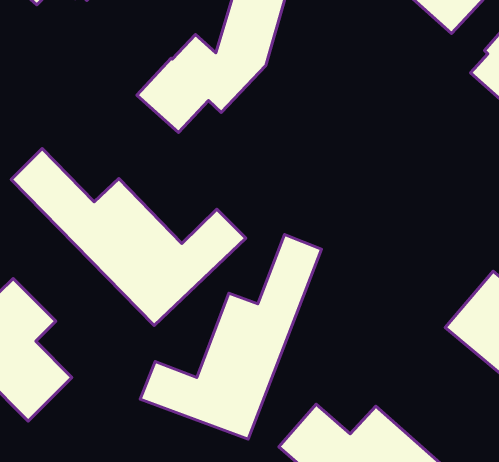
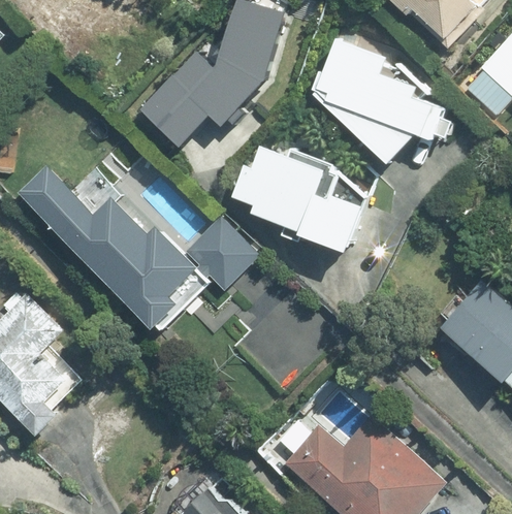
building: none -> [319,33,453,152]
building: none -> [232,134,365,255]
building: [140,235,321,439] -> none

